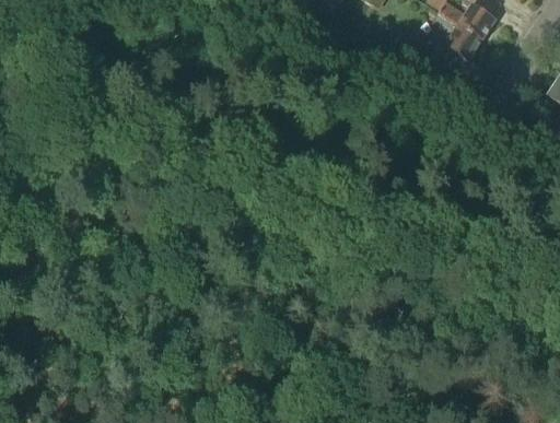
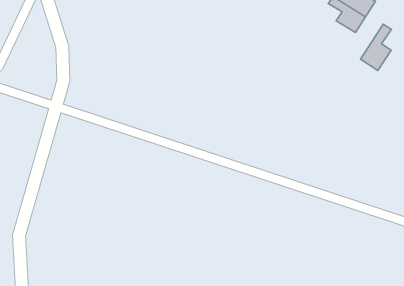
building: none -> [361,24,392,70]

